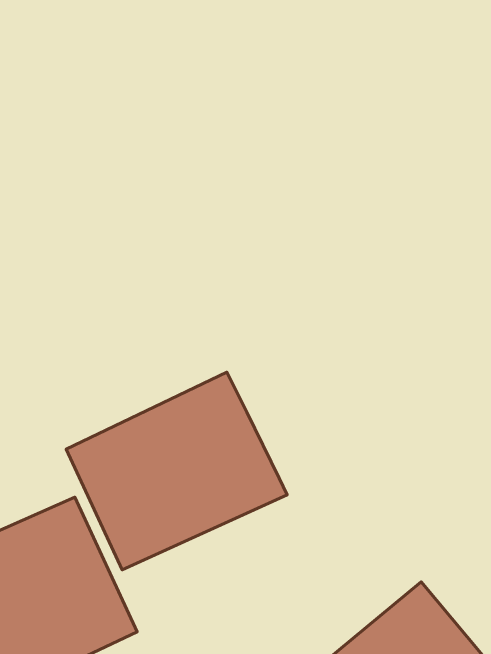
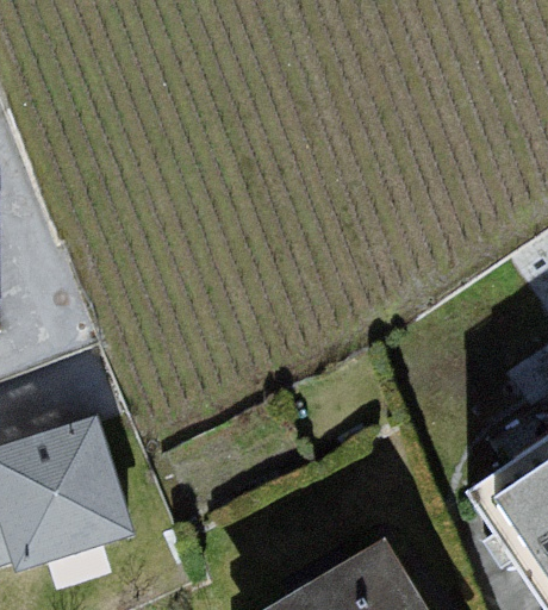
building: [66,372,287,570] -> none

